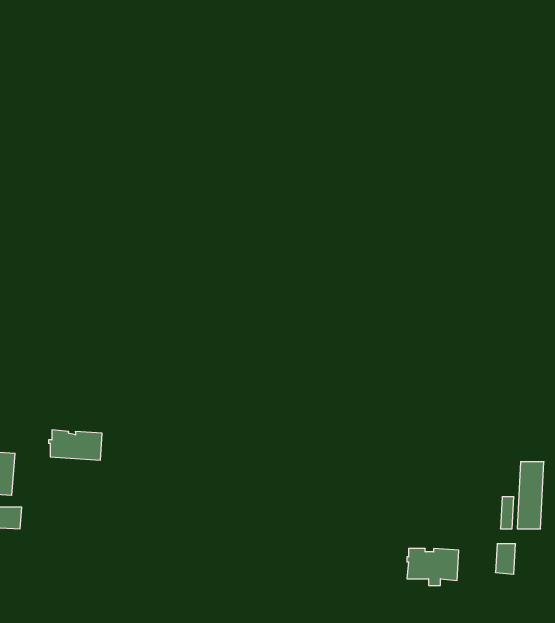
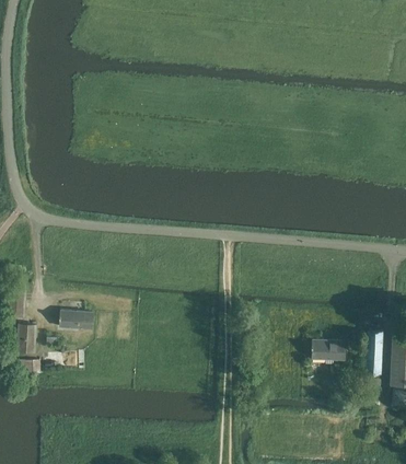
building: [407,549,459,585] -> [311,340,345,364]

